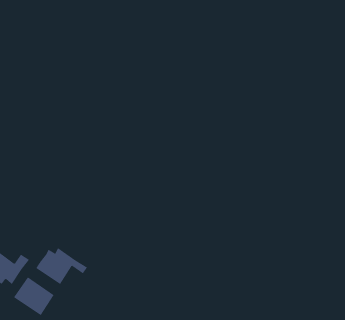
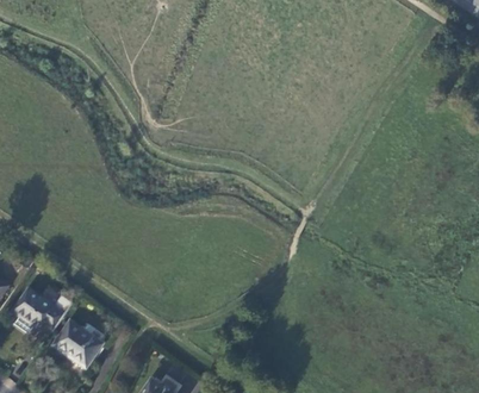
building: [35,247,88,285] -> none

